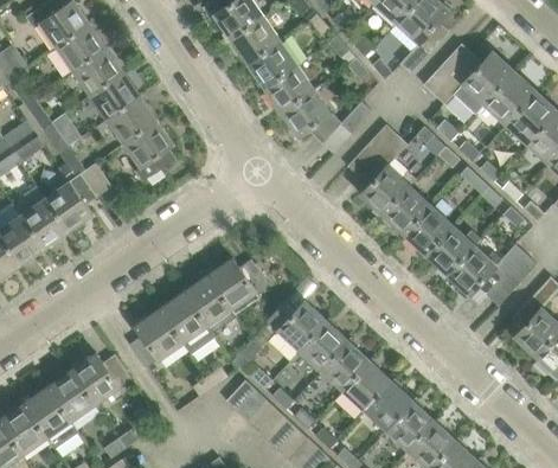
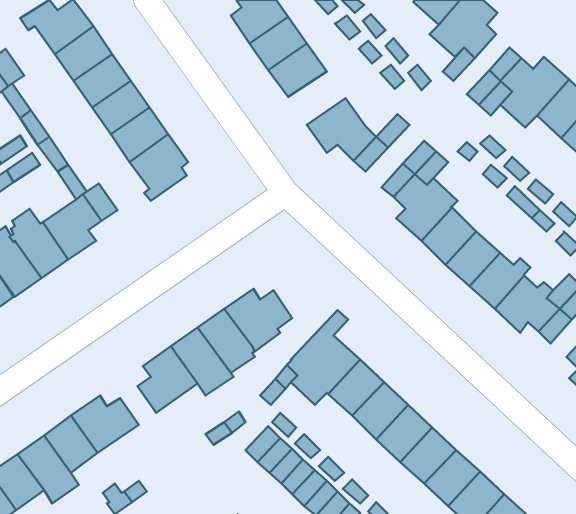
building: [264,64,315,111] -> none

